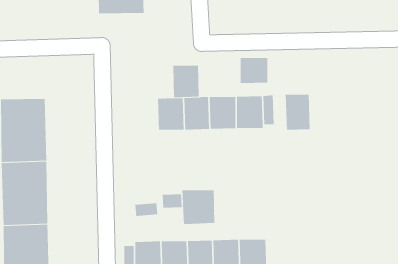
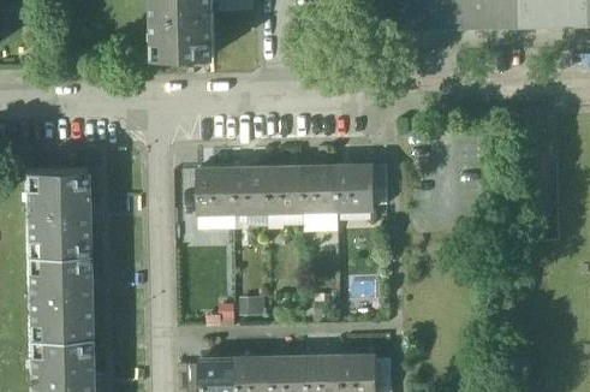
building: [240,57,268,84] -> none
building: [172,65,200,98] -> [201,168,237,212]
building: [285,94,310,130] -> none
building: [182,189,215,225] -> none

